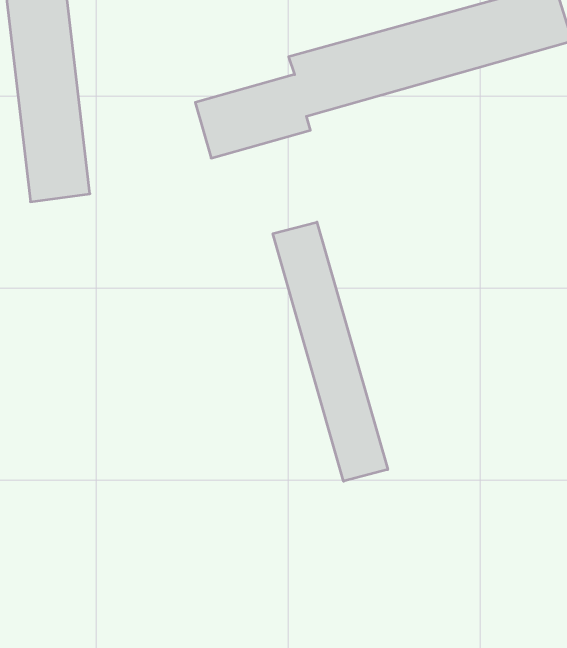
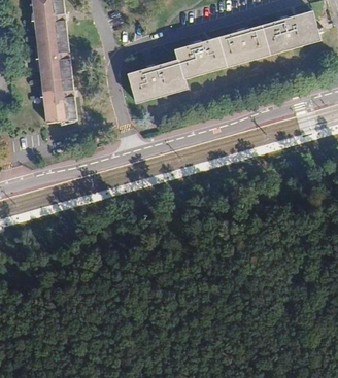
building: [273,222,388,481] -> none

